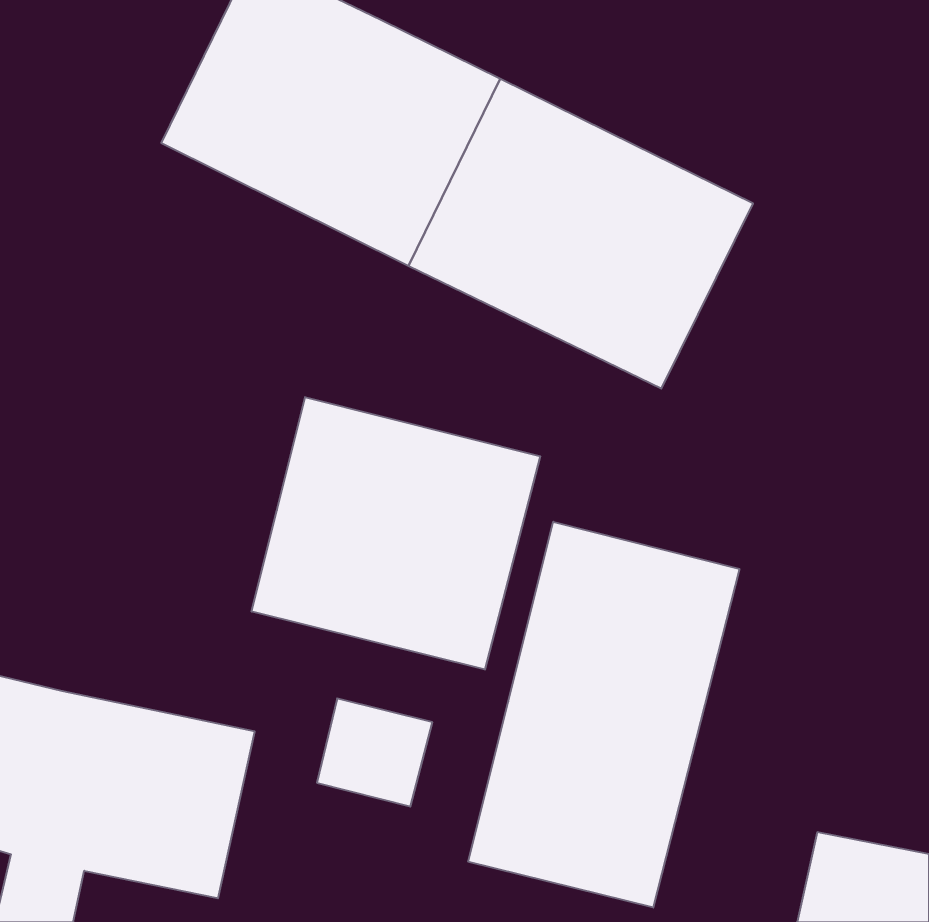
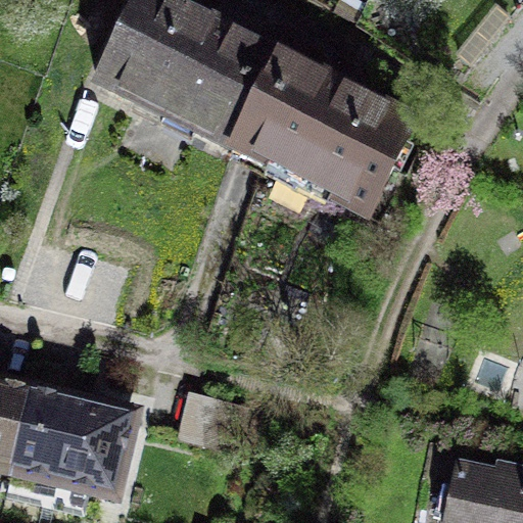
building: [252,397,540,670] -> none
building: [468,522,739,908] -> none

